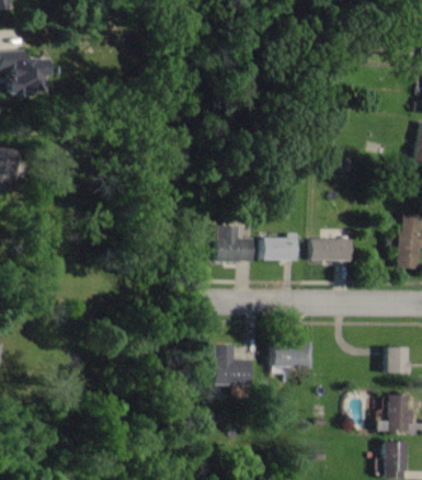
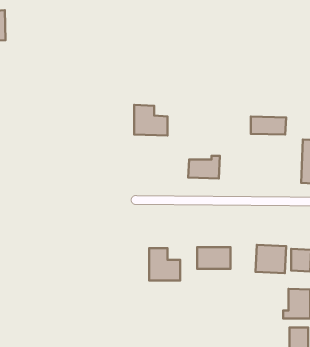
building: [215,225,255,262] -> [134,105,168,136]
building: [312,239,355,261] -> [251,117,286,135]
building: none -> [256,245,286,273]

